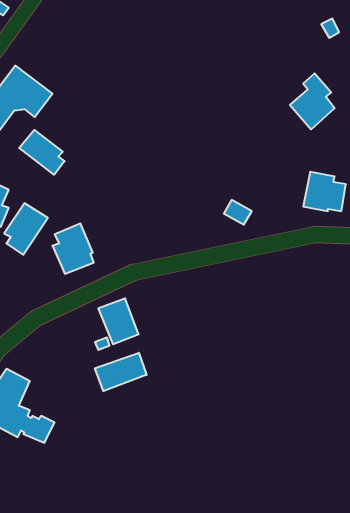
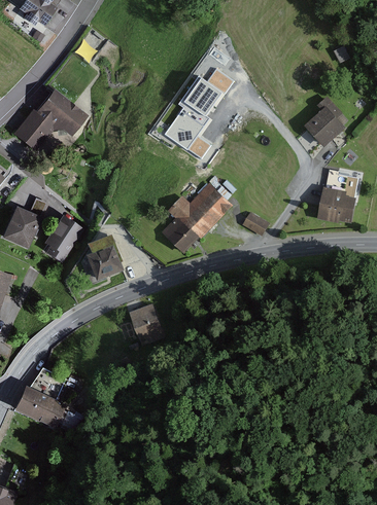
building: none -> [165,69,234,158]
building: [19,130,65,175] -> none
building: none -> [163,182,234,252]
building: [95,353,147,391] -> none

